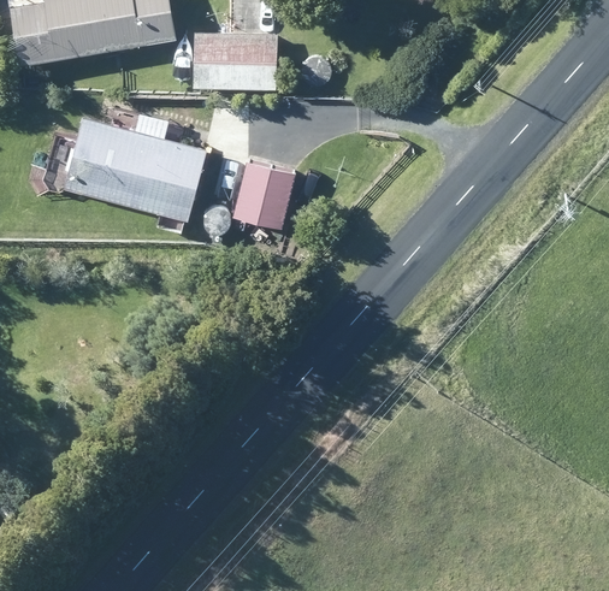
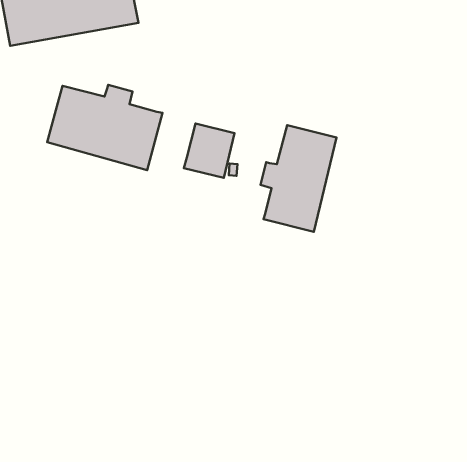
building: [191,34,277,93] -> none
building: none -> [261,125,337,232]

